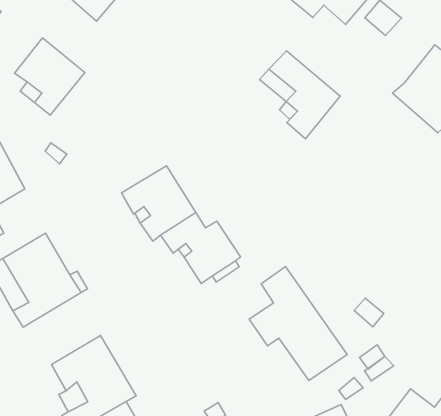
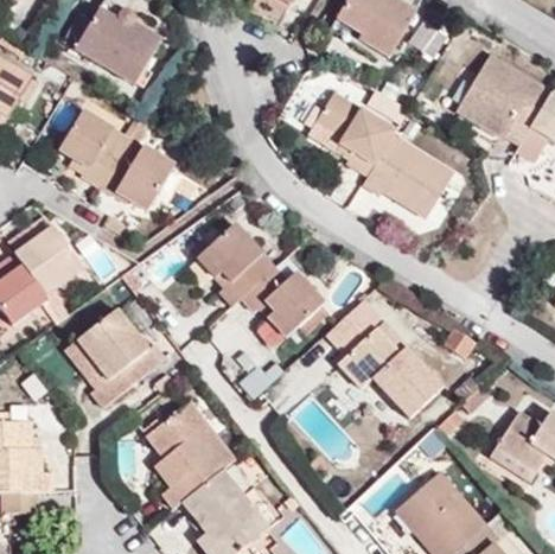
building: none -> [103,135,178,206]
building: none -> [362,123,464,219]

